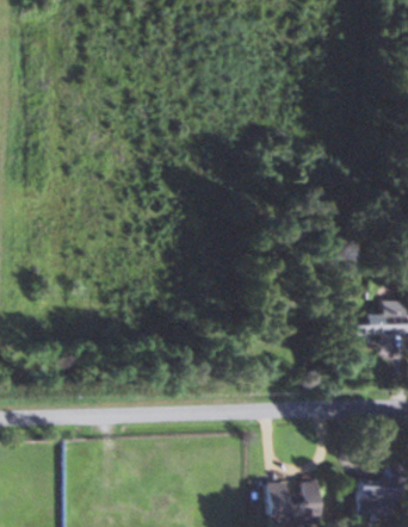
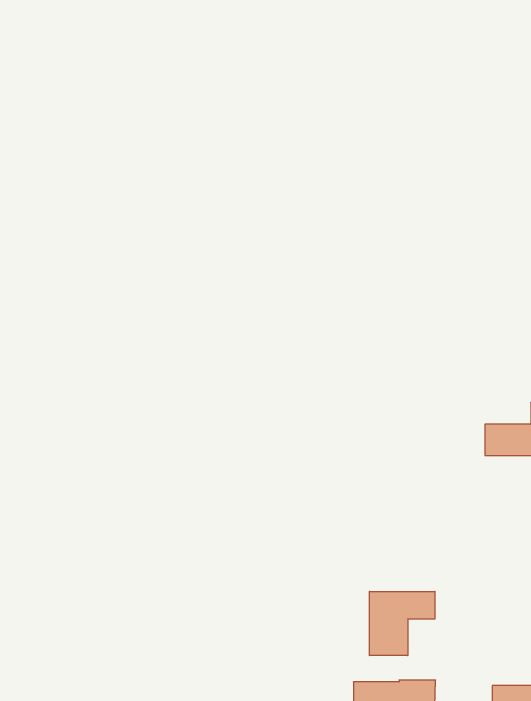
building: none -> [369,591,435,656]

